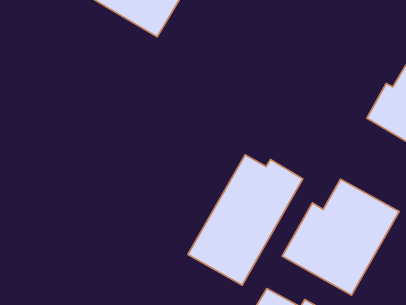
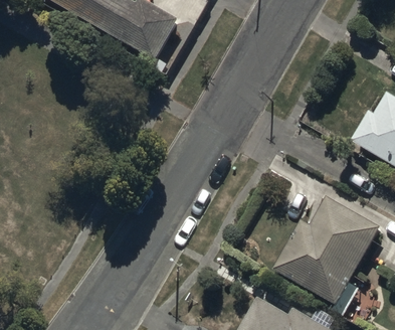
building: [188,155,303,285] -> none

